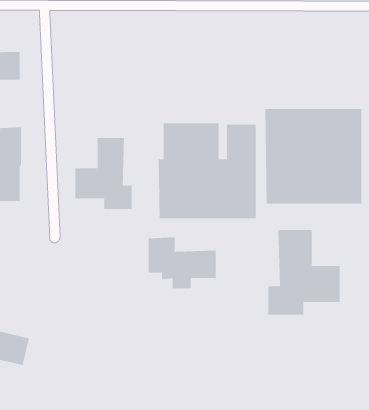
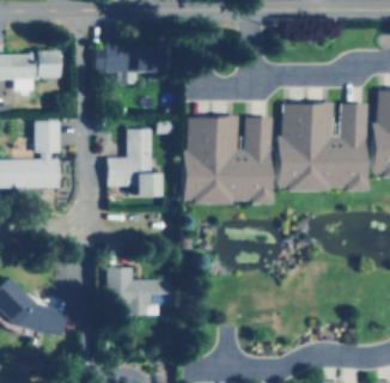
building: none -> [103,43,162,83]
building: [268,229,341,315] -> none
building: [148,236,217,289] -> [108,267,170,315]

